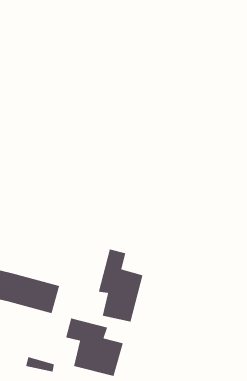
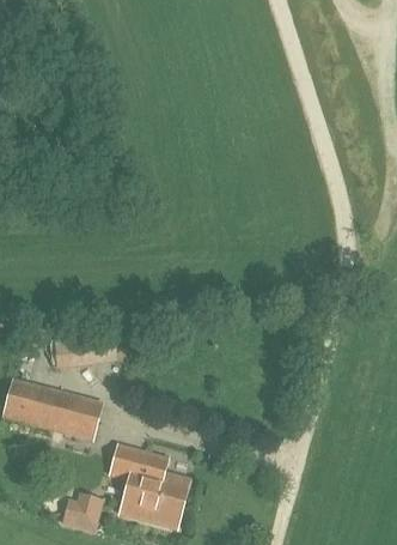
building: [98,248,143,322] -> none

